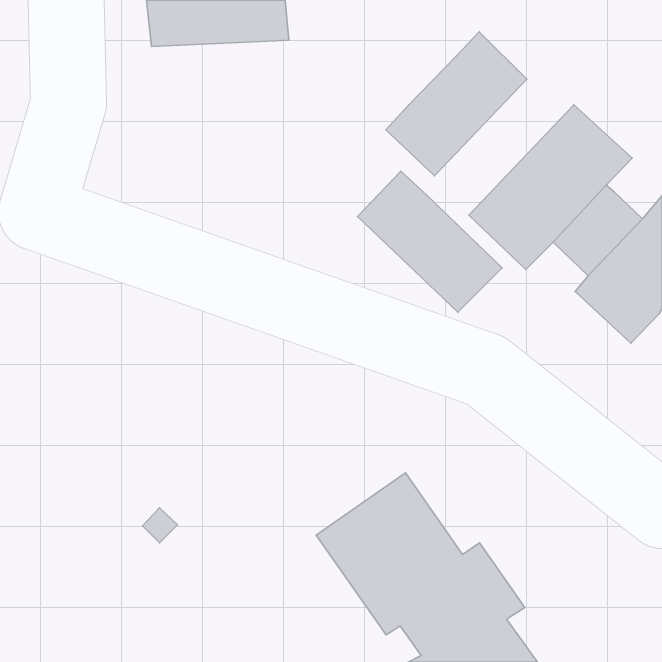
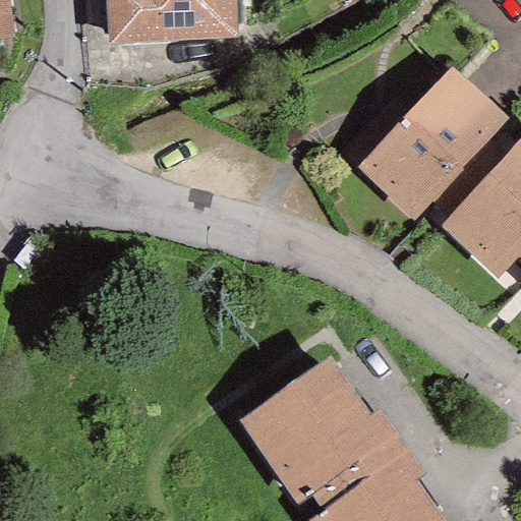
building: [386,32,527,176] -> none
building: [358,171,502,312] -> none

